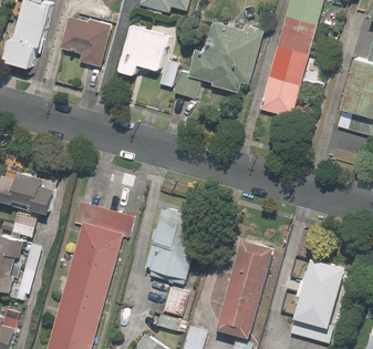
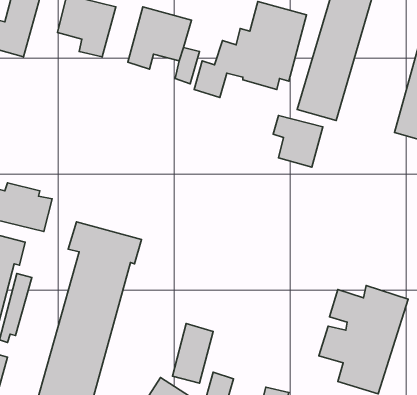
building: none -> [273,116,323,167]
building: [146,206,201,285] -> none
building: [215,237,276,337] -> none

